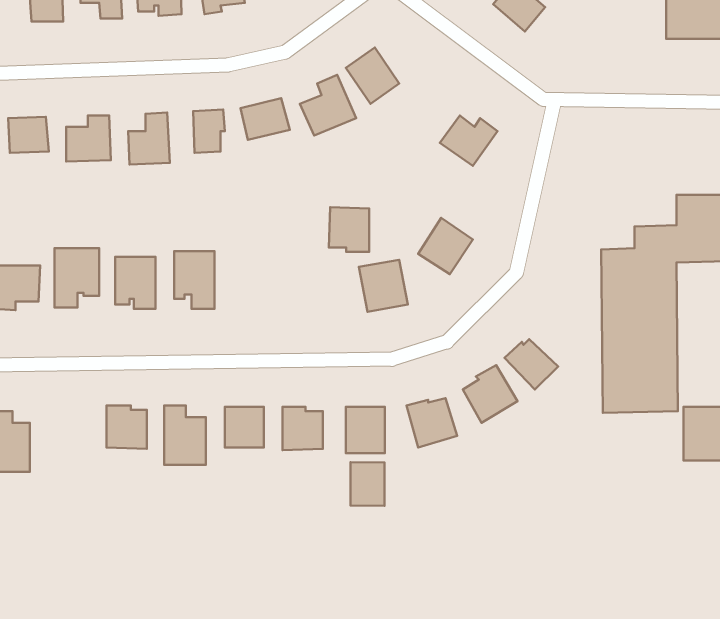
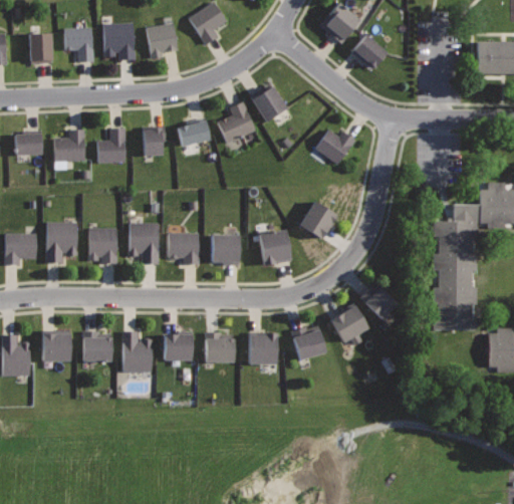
building: [329,207,369,252] -> [211,235,239,266]
building: none -> [169,233,198,264]
building: none -> [43,330,70,360]
building: [350,462,384,506] -> none

